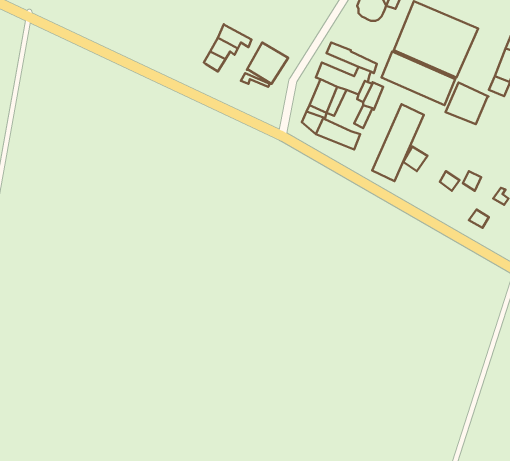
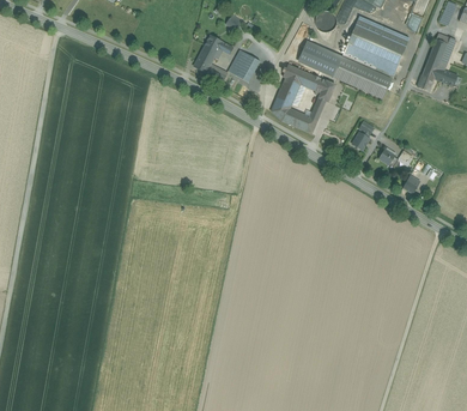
building: [445,83,488,124] -> none
building: [372,104,424,181] -> none

